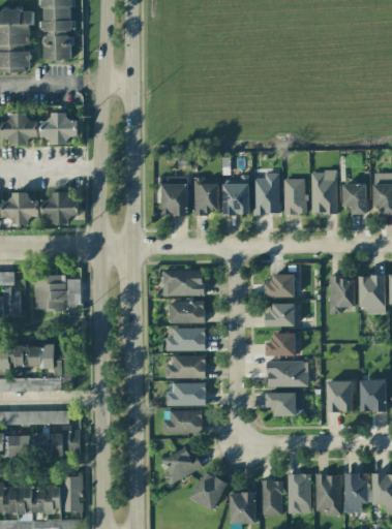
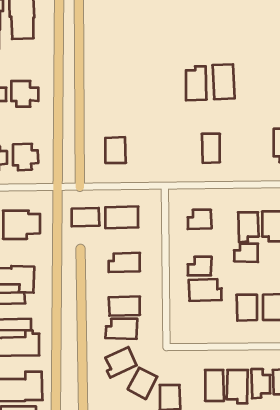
building: [309,170,337,214] -> [212,64,235,99]
building: [252,173,278,215] -> [186,66,207,100]
building: [222,175,248,215] -> none
building: [191,177,218,214] -> none
building: [341,184,366,215] -> none
building: [169,301,204,323] -> [72,208,100,226]
building: [265,304,295,326] -> [234,244,258,262]
building: [164,355,205,378] -> none
building: [266,393,302,416] -> none
building: [259,479,281,516] -> none

